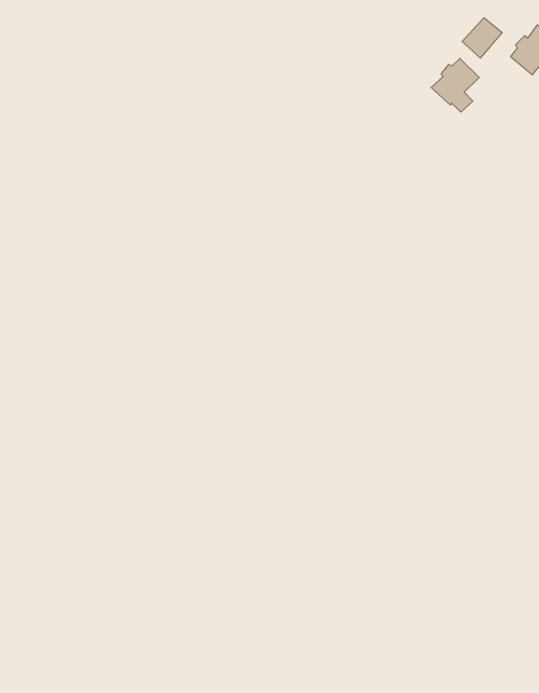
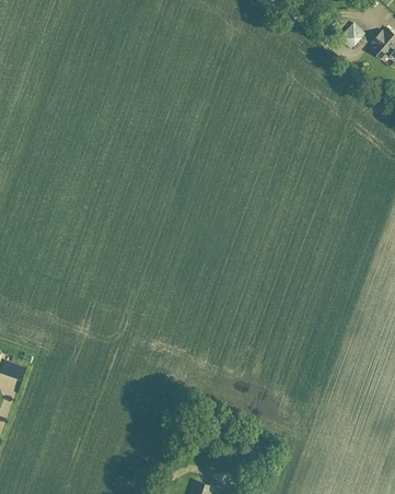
building: [431,58,479,112] -> none

